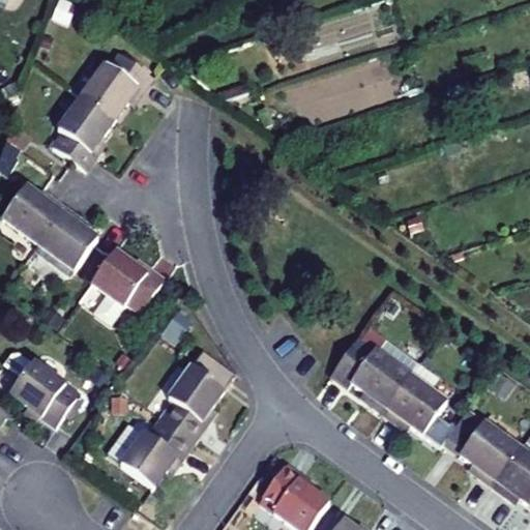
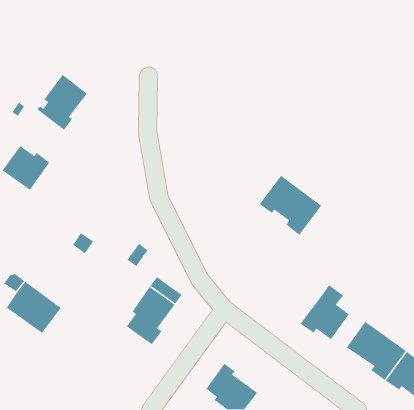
building: [81,52,150,119] -> none
building: [39,207,97,269] -> none
building: [90,247,164,311] -> none
building: [331,335,412,413] -> [259,175,322,236]
building: [121,416,195,488] -> none

